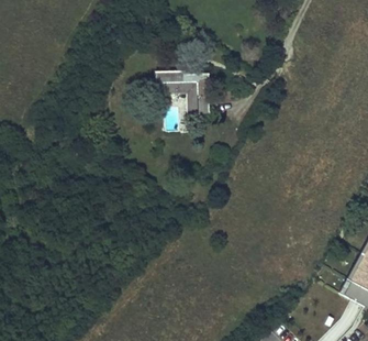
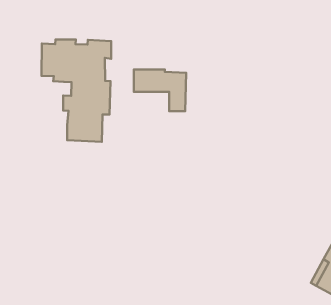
building: none -> [42,39,111,142]

